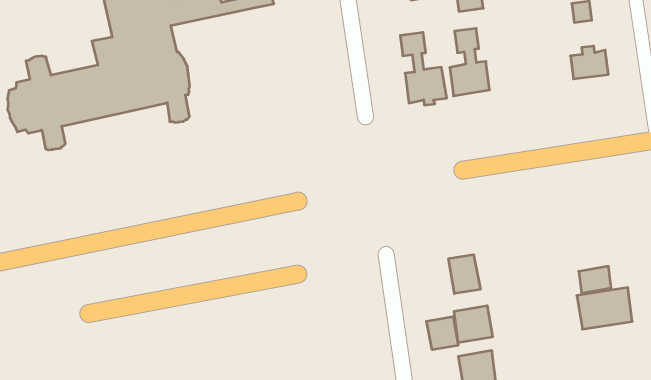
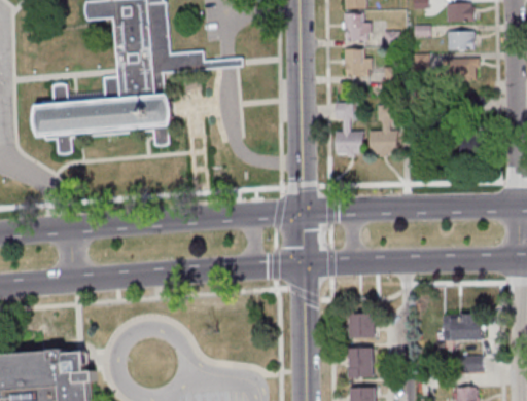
building: [449,255,480,294] -> none
building: [579,266,611,293] -> [460,355,483,372]
building: [426,317,458,350] -> none

